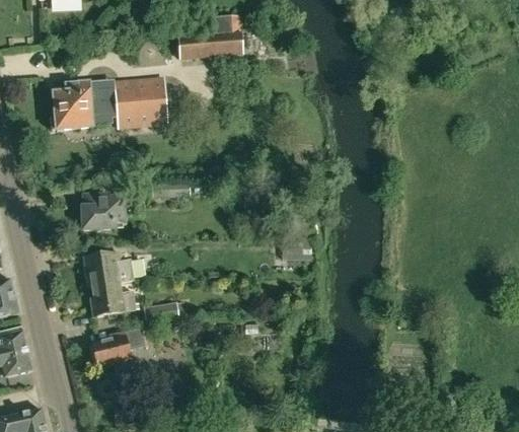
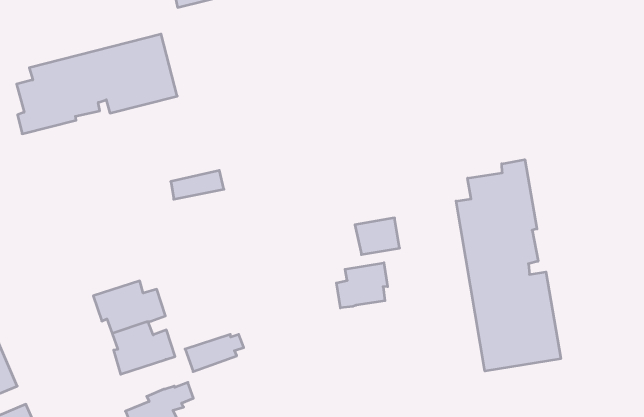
building: [81,196,124,229] -> none
building: none -> [456,160,561,371]
building: none -> [336,263,388,308]

